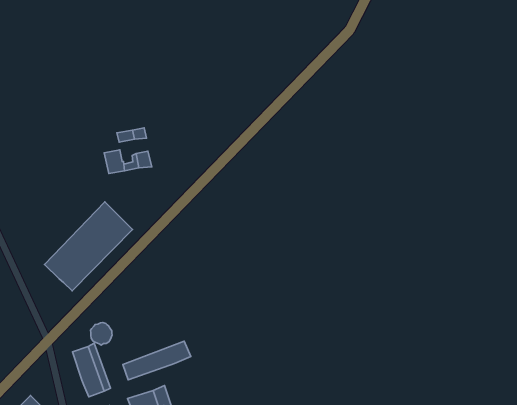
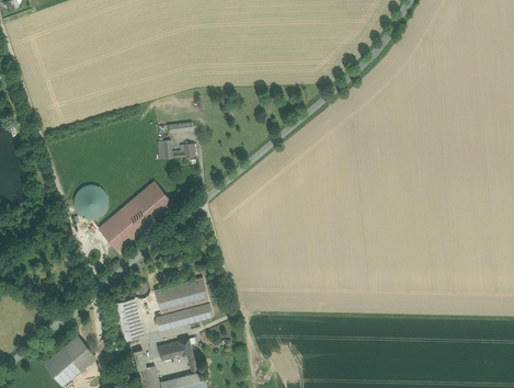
building: none -> [73,184,108,219]
building: none -> [155,277,208,313]

